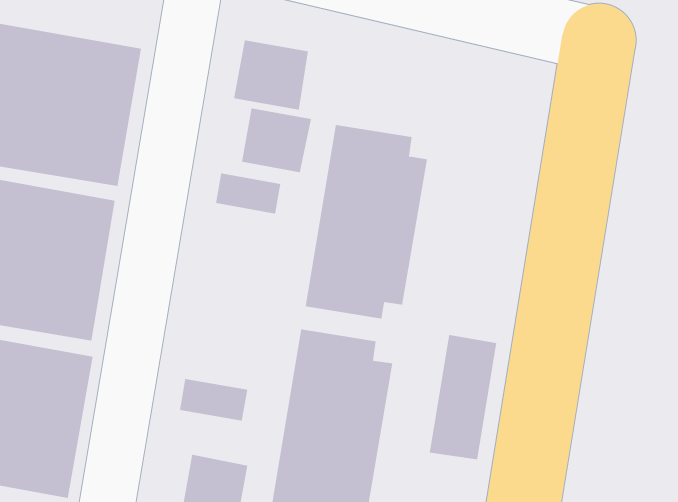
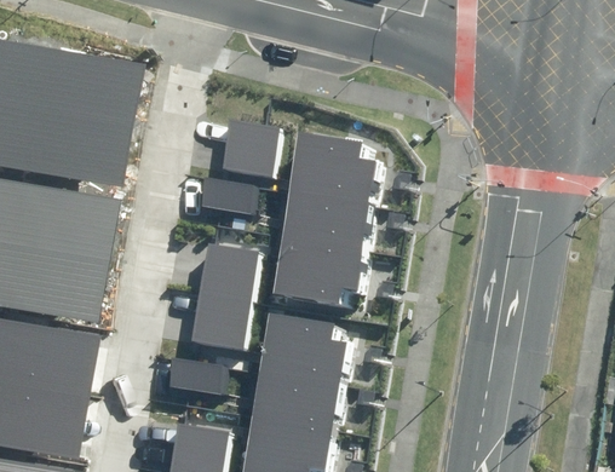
building: [233,39,309,111] -> none
building: none -> [190,242,259,346]
building: [429,334,497,460] -> none

